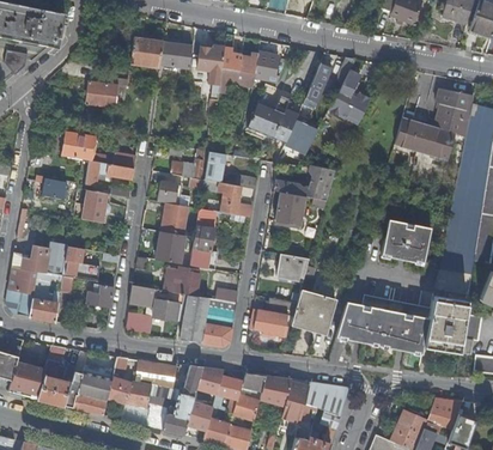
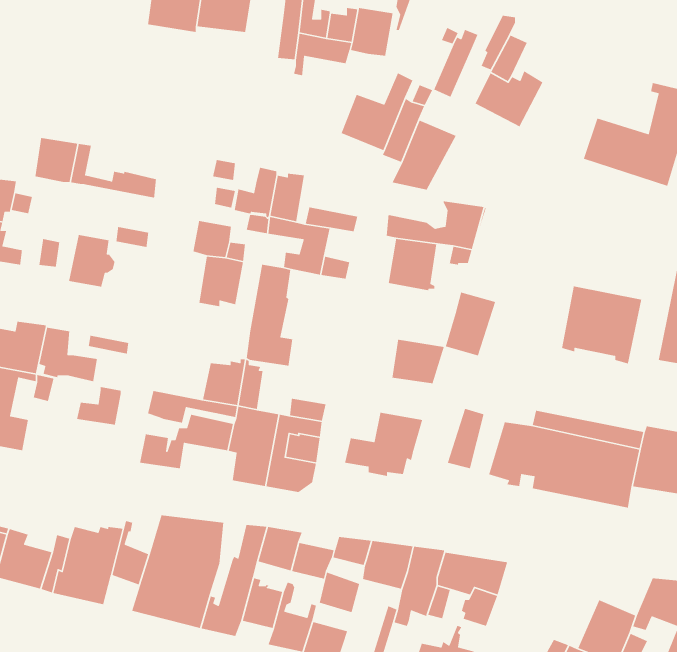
building: [85,75,126,115] -> none
building: [85,159,134,184] -> none
building: [156,231,185,263] -> none
building: [291,288,322,328] -> [445,291,496,357]

